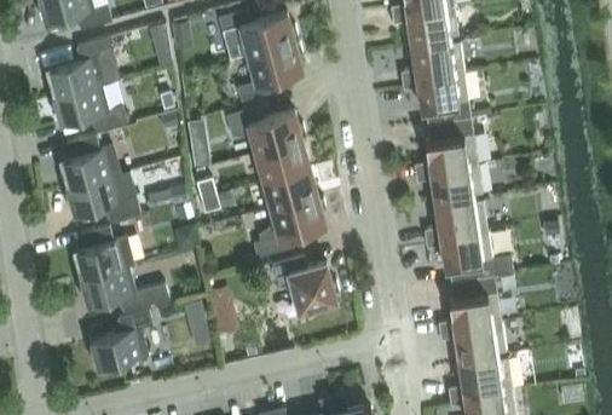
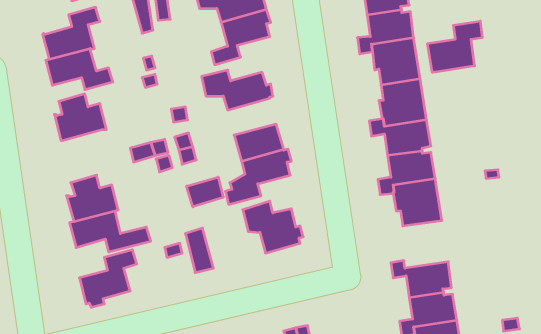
building: none -> [428,21,482,72]
building: [255,142,310,183] -> none
building: [65,177,140,223] -> none
building: none -> [187,177,223,207]
building: [449,278,502,332] -> none

